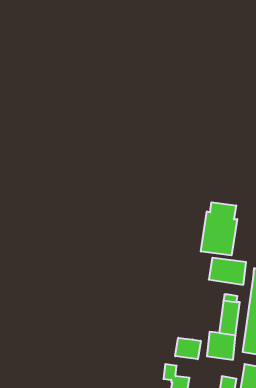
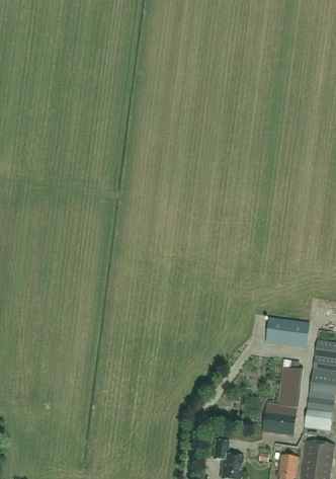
building: [201,202,237,255] -> none
building: [175,338,201,359] -> none

